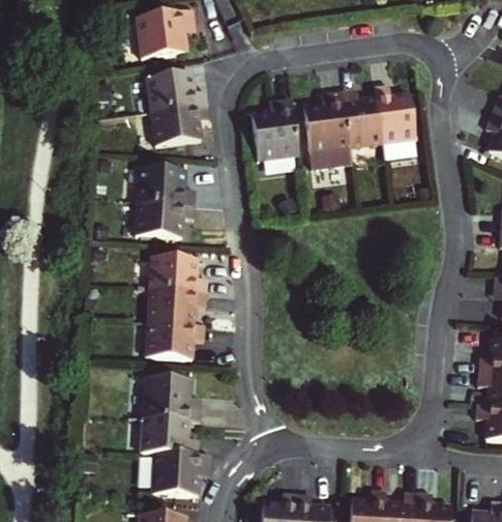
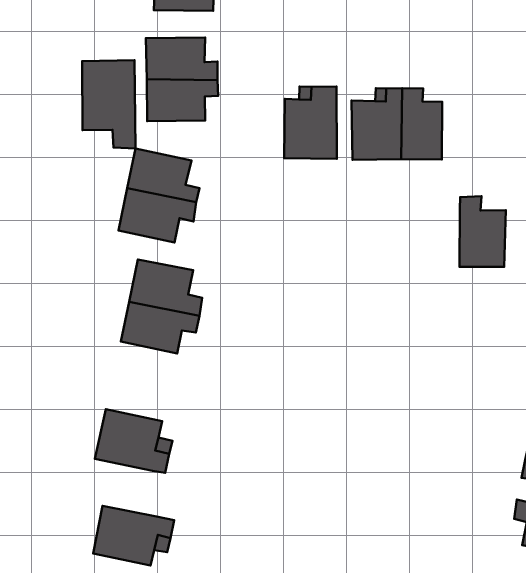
building: [374,85,416,143] -> [459,196,506,267]
building: none -> [82,60,135,149]
building: [147,322,206,359] -> none
building: [140,417,198,456] -> none

